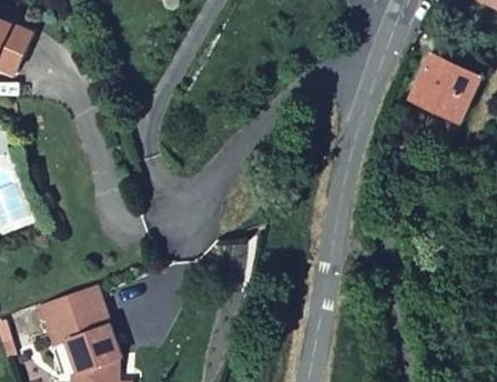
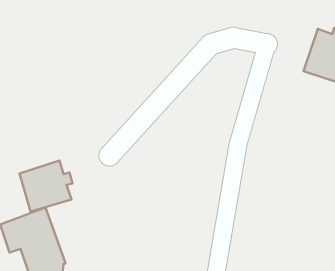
building: none -> [20,160,73,211]

